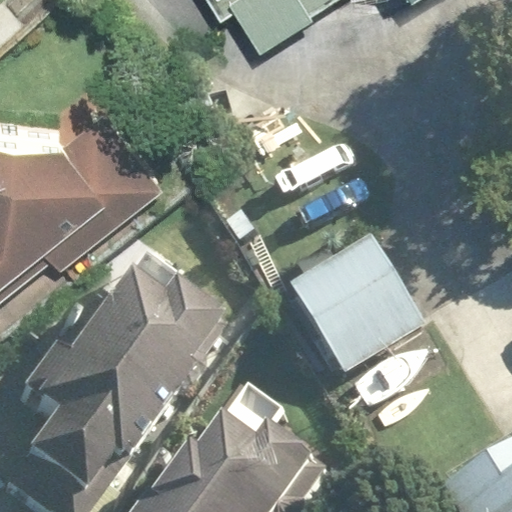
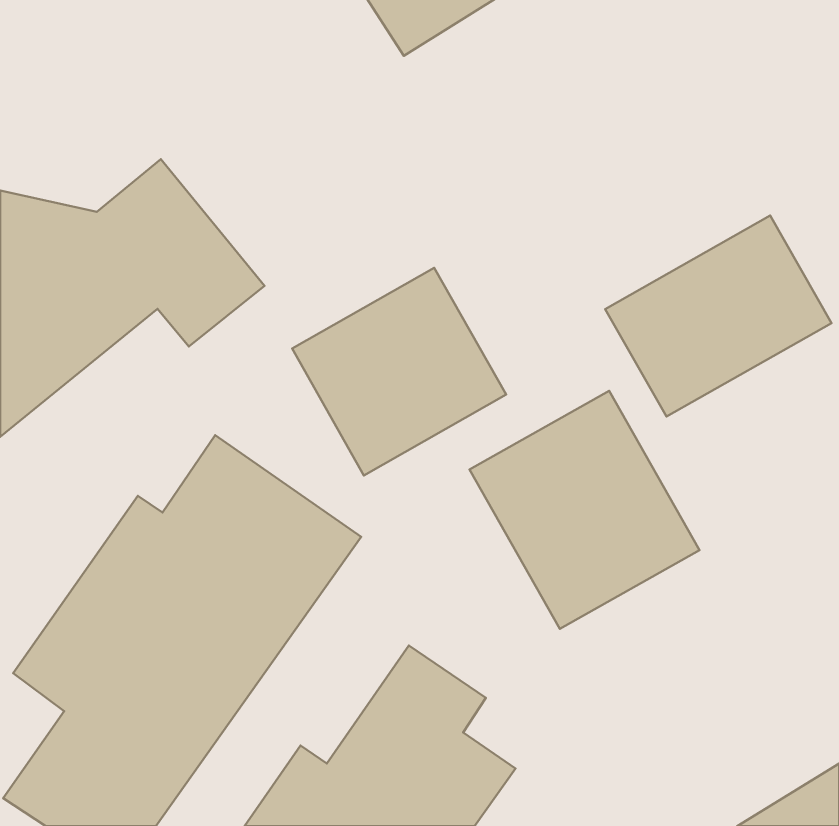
building: none -> [605,215,831,417]
building: none -> [292,268,506,475]

